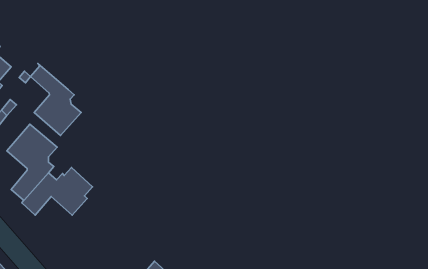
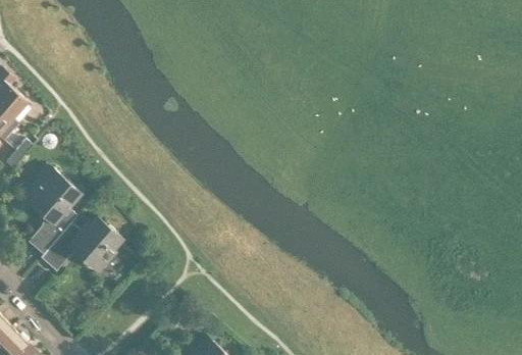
building: [31,64,81,135] -> none

